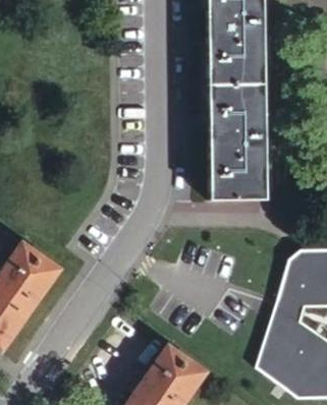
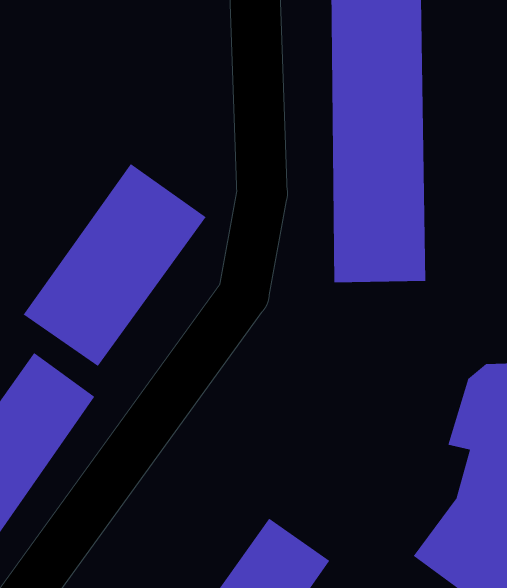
building: none -> [23,163,206,367]

